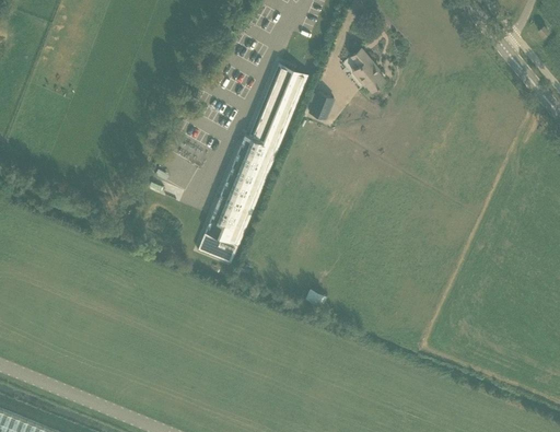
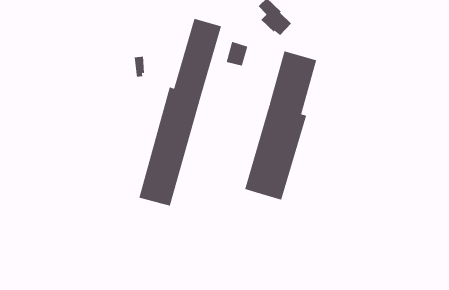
building: none -> [244,50,317,201]

